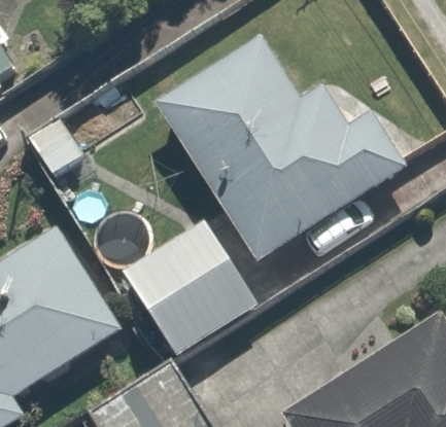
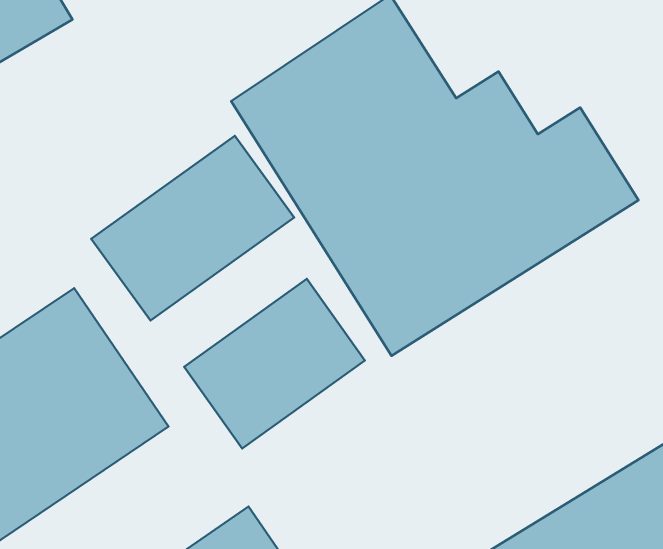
building: none -> [91,136,294,321]

